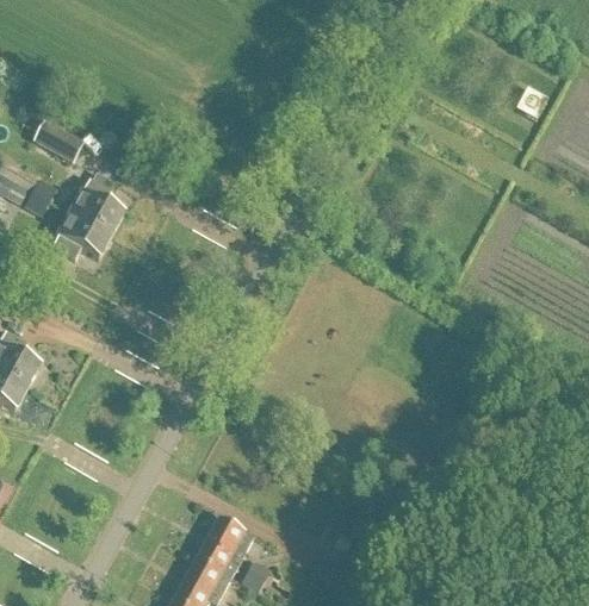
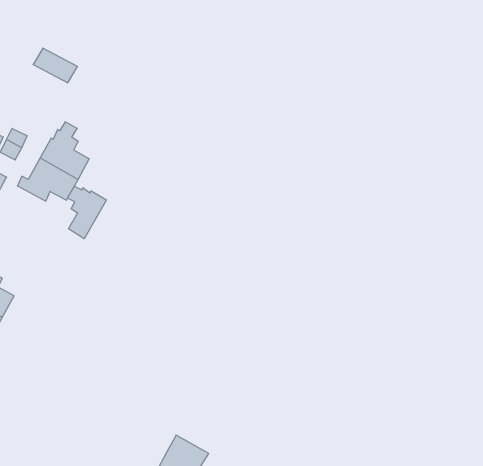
building: [35,121,83,160] -> [33,48,78,83]
building: none -> [67,186,106,239]

